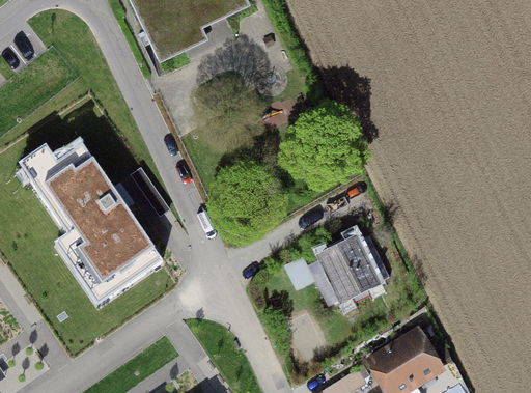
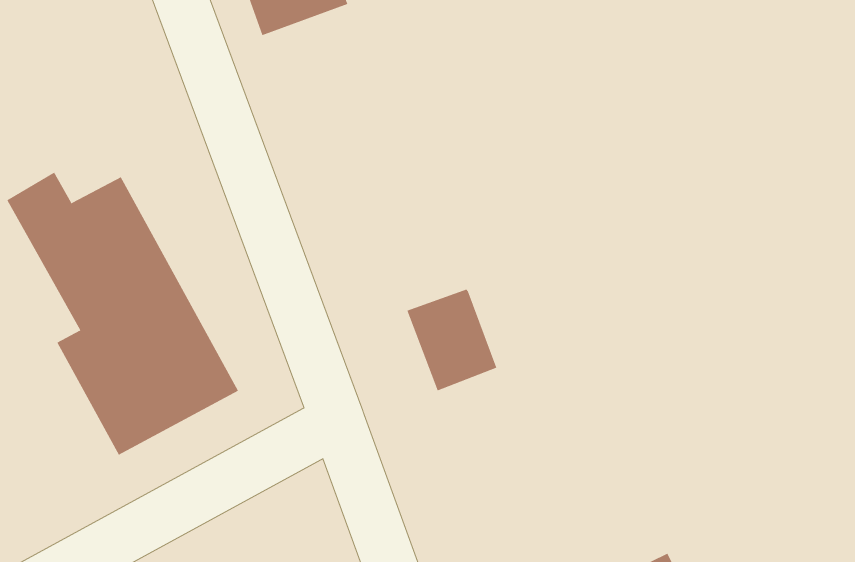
building: [322,241,376,301] -> [407,289,497,391]

